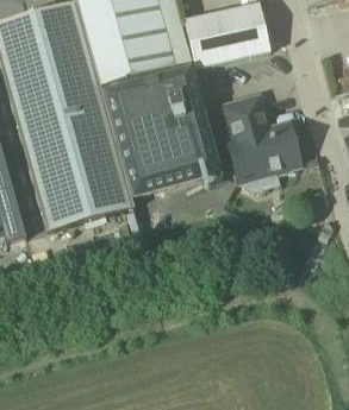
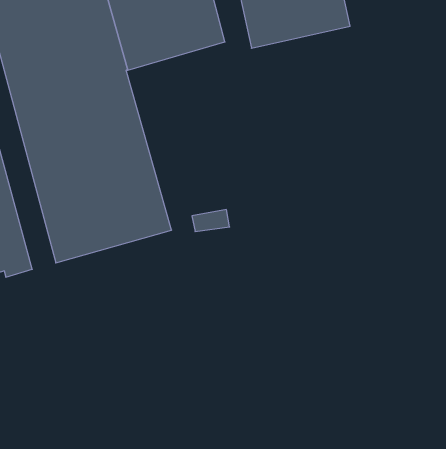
building: [106,70,217,194] -> none
building: [226,97,299,176] -> none

